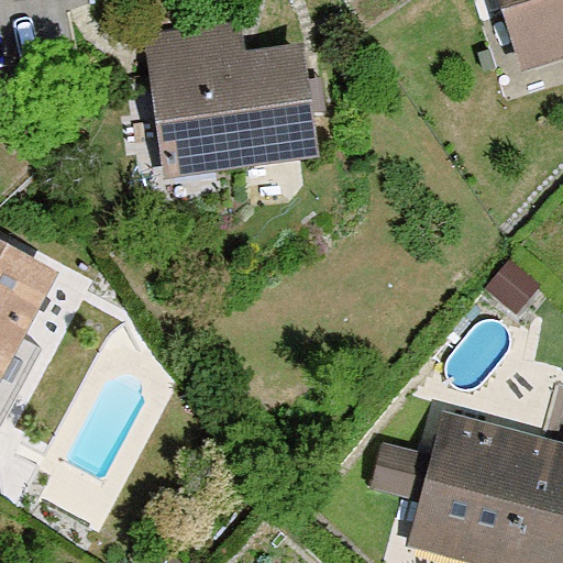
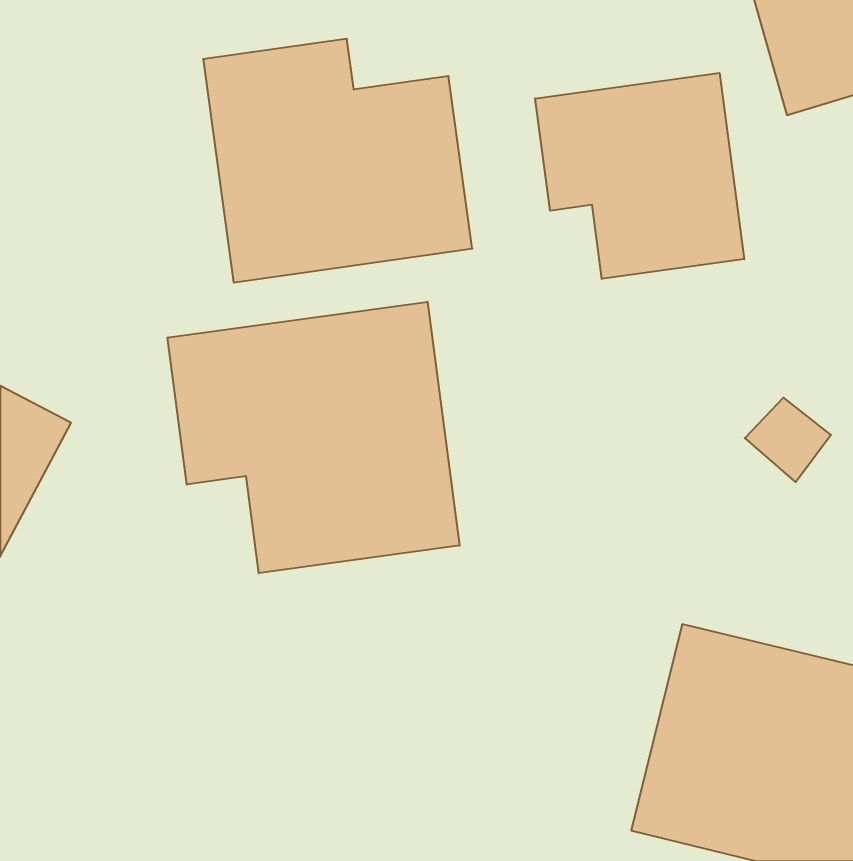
building: none -> [535,73,744,279]
building: none -> [167,302,460,573]

